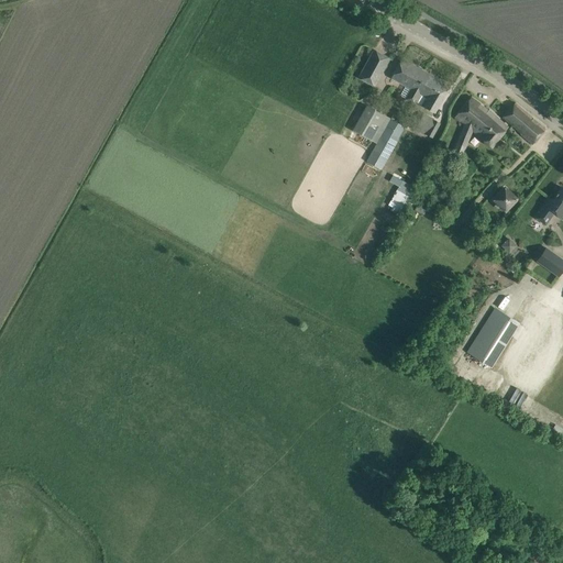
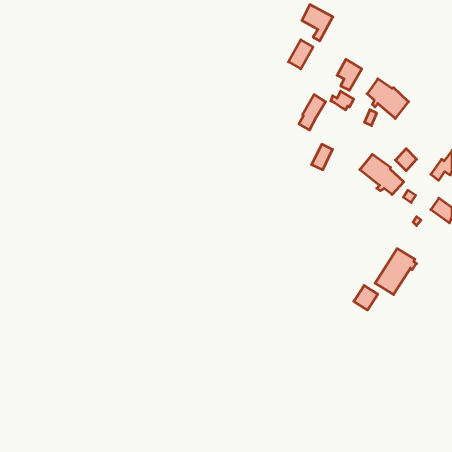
building: [391,58,430,103] -> [302,5,333,41]
building: [503,102,545,144] -> none
building: [353,106,390,143] -> none
building: none -> [360,154,404,195]
building: none -> [354,285,378,310]

